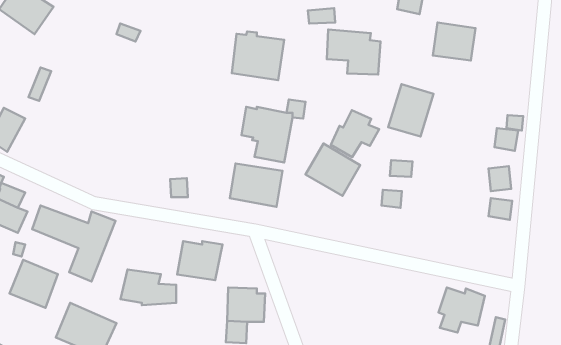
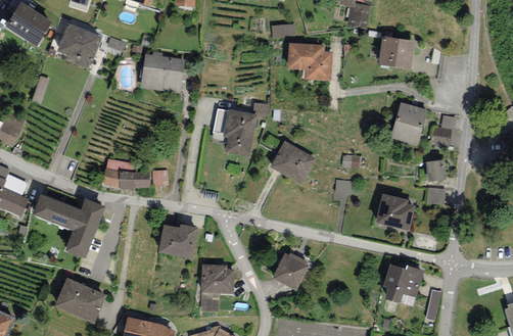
building: none -> [57,22,102,68]
building: [232,31,284,80] -> [140,51,185,93]
building: [388,84,433,137] -> [389,101,428,146]
building: [331,110,379,157] -> none
building: [230,163,283,207] -> none
building: none -> [376,193,415,230]
building: [9,260,58,308] -> none
building: [120,269,176,305] -> [101,158,149,189]
building: none -> [272,251,309,290]

